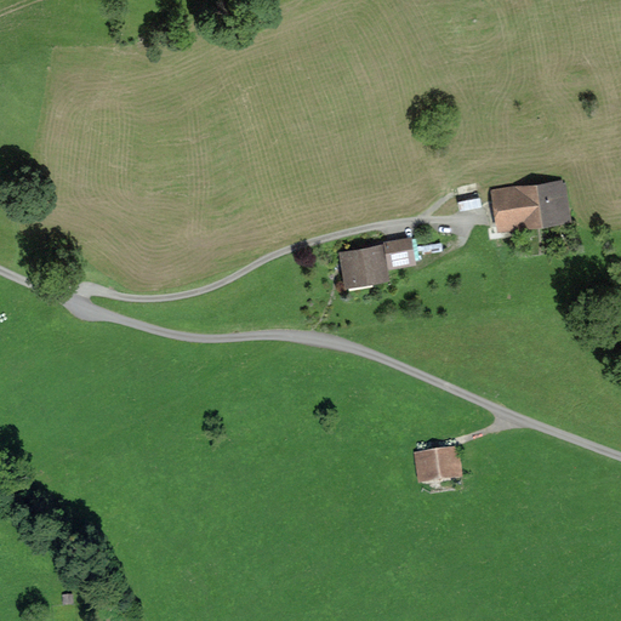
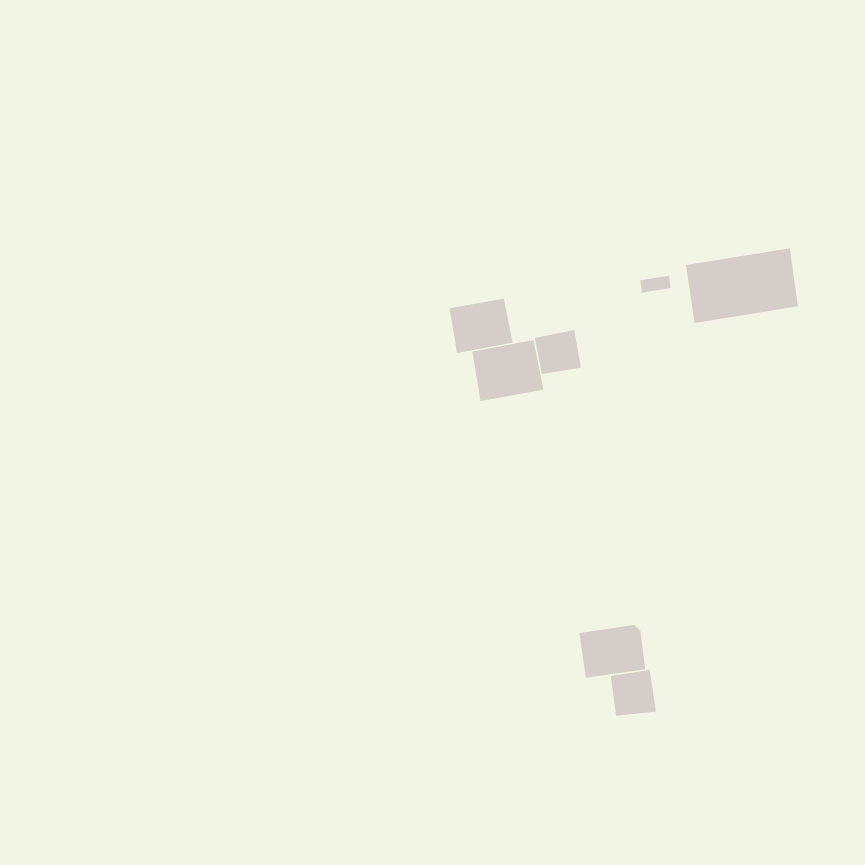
building: none -> [449,298,514,354]
building: none -> [610,669,657,717]

